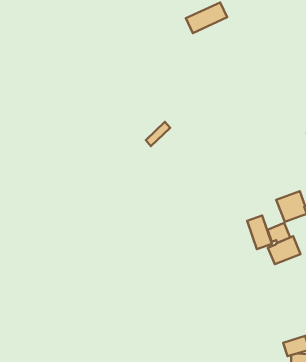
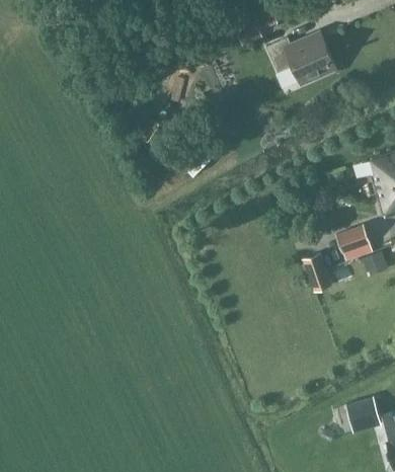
building: none -> [266,35,335,82]
building: [268,236,300,264] -> none

